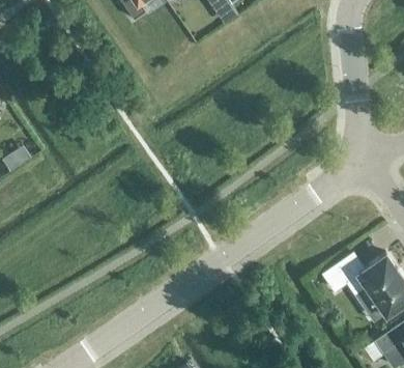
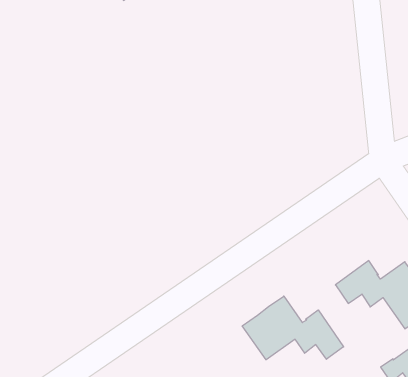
building: none -> [242,296,344,360]

